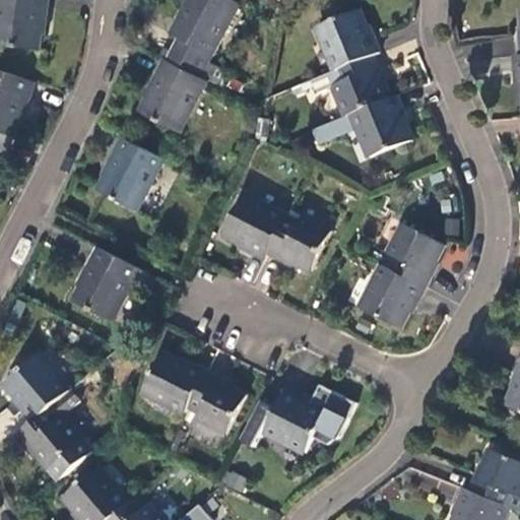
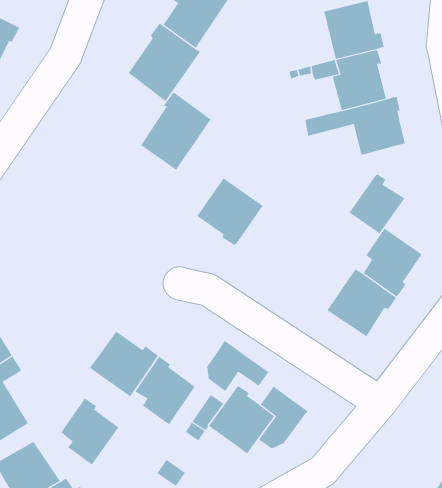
building: [98,137,161,211] -> [140,92,211,171]
building: none -> [349,173,405,234]
building: [266,217,330,272] -> none
building: [73,247,137,320] -> none
building: none -> [207,340,269,392]
building: none -> [60,398,119,465]

